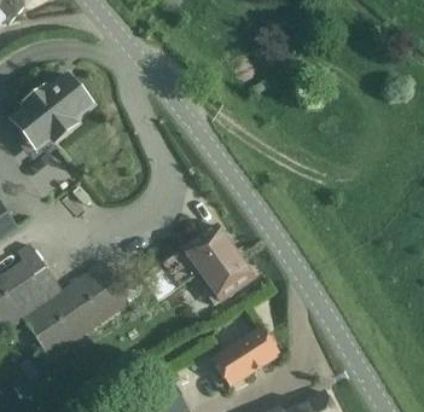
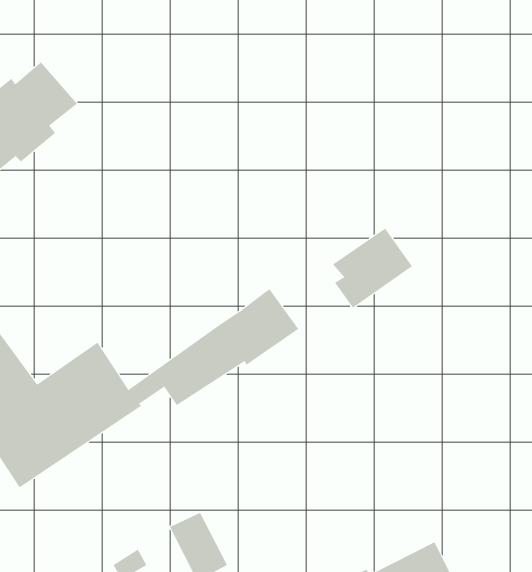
building: [201,250,254,303] -> [332,228,413,308]
building: [214,326,278,384] -> none

